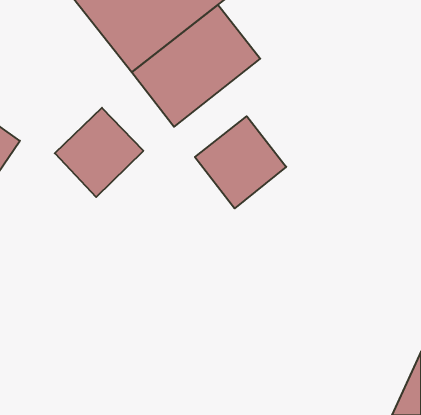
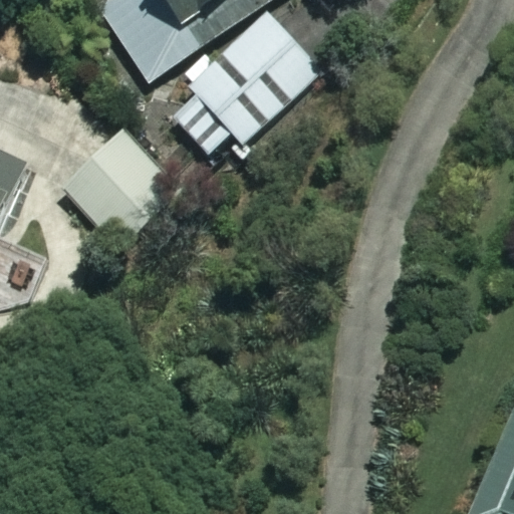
building: [195,116,286,208] -> none

